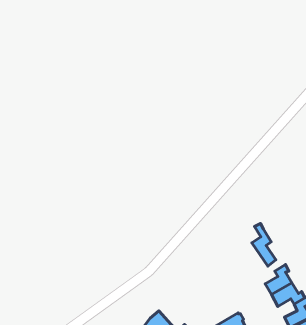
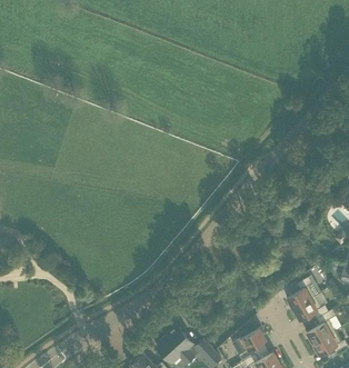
building: [252,223,276,266] -> none

